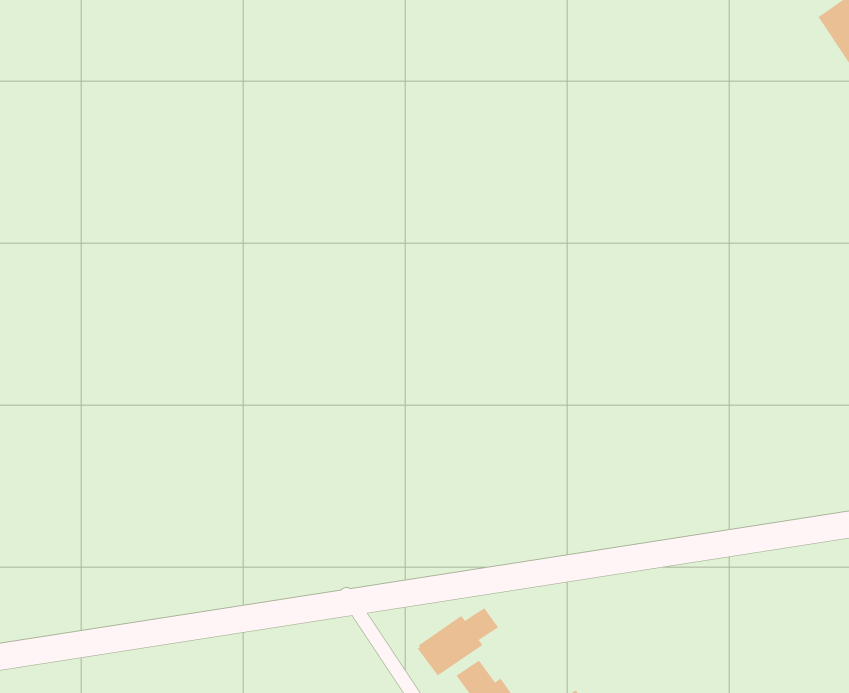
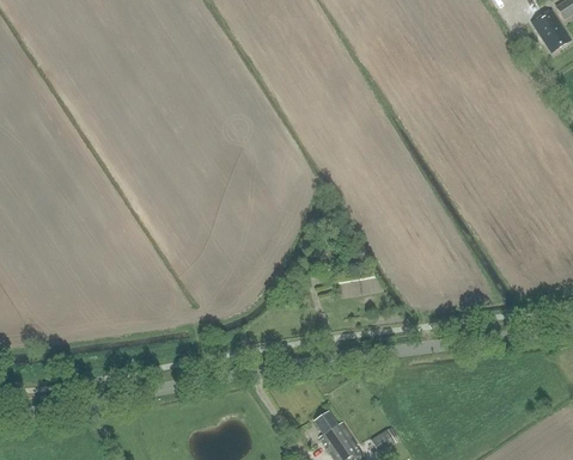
building: [417,607,499,677] -> none

